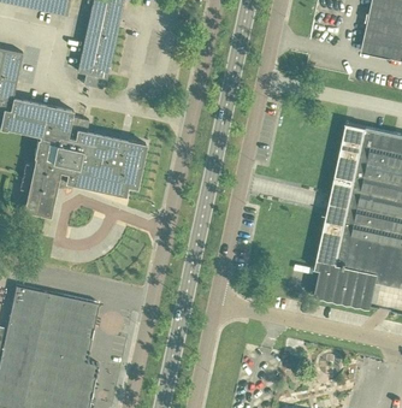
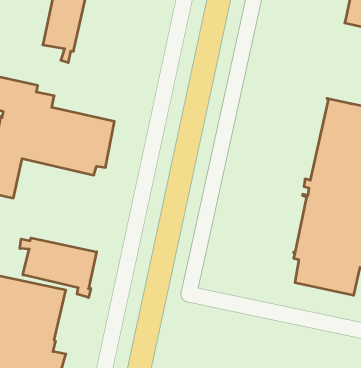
building: none -> [20,238,97,298]

